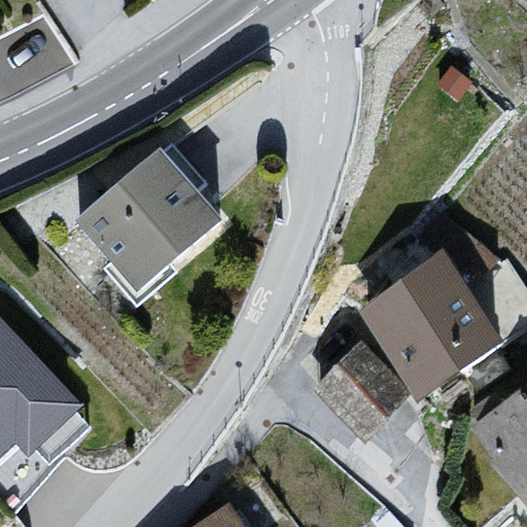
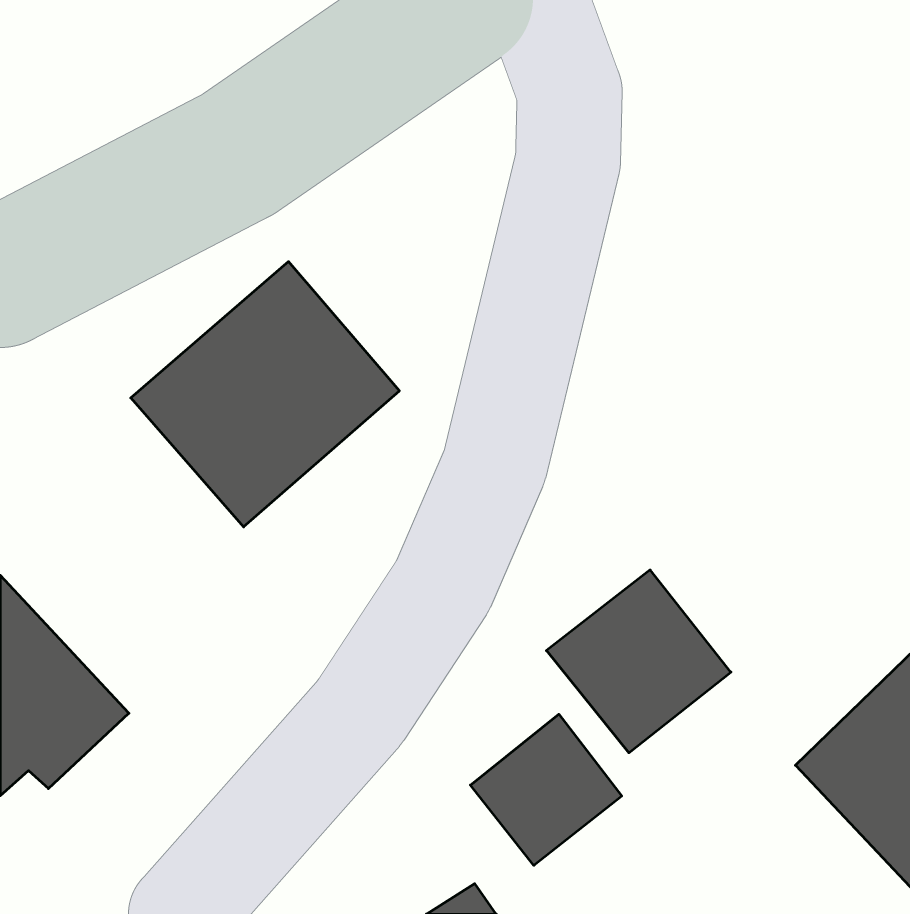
building: [375,236,516,379] -> none
building: none -> [470,714,622,865]

